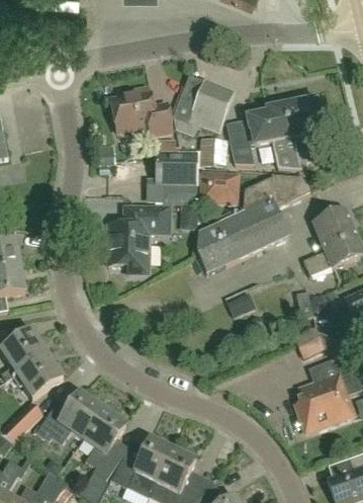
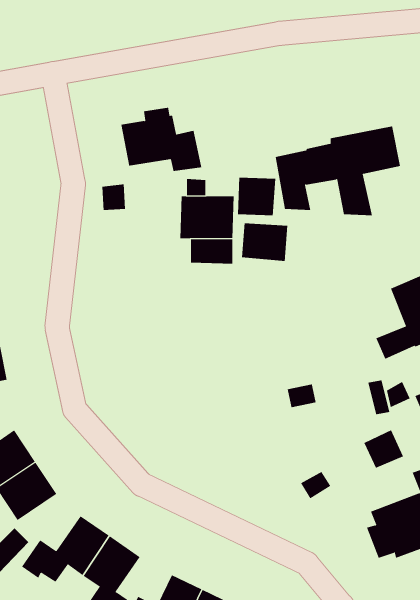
building: [175,76,235,134] -> none
building: [197,173,310,271] -> none
building: [109,206,169,272] -> none

